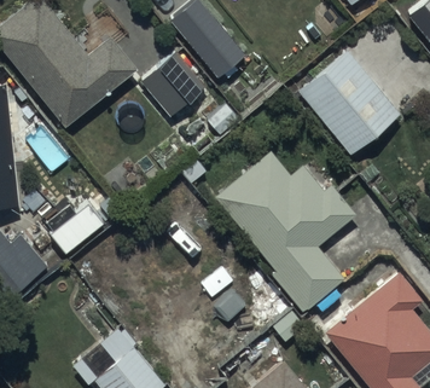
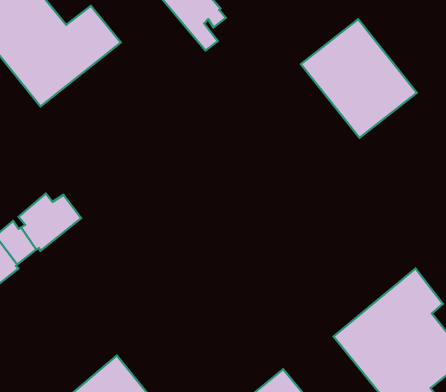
building: [141,52,208,118] -> none
building: [216,151,356,311] -> none

